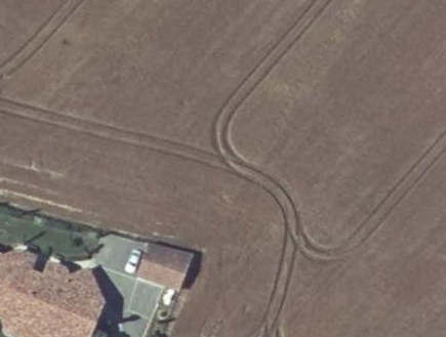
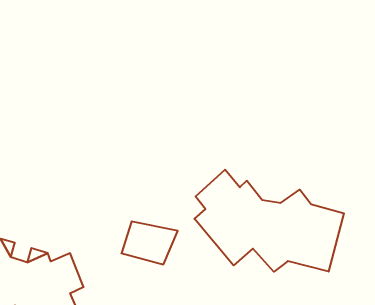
building: none -> [194,170,344,272]

